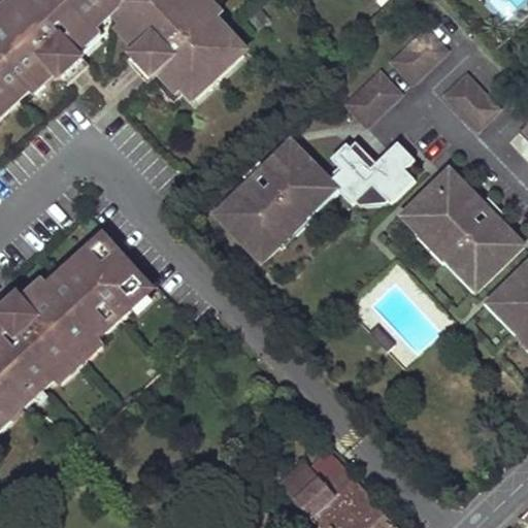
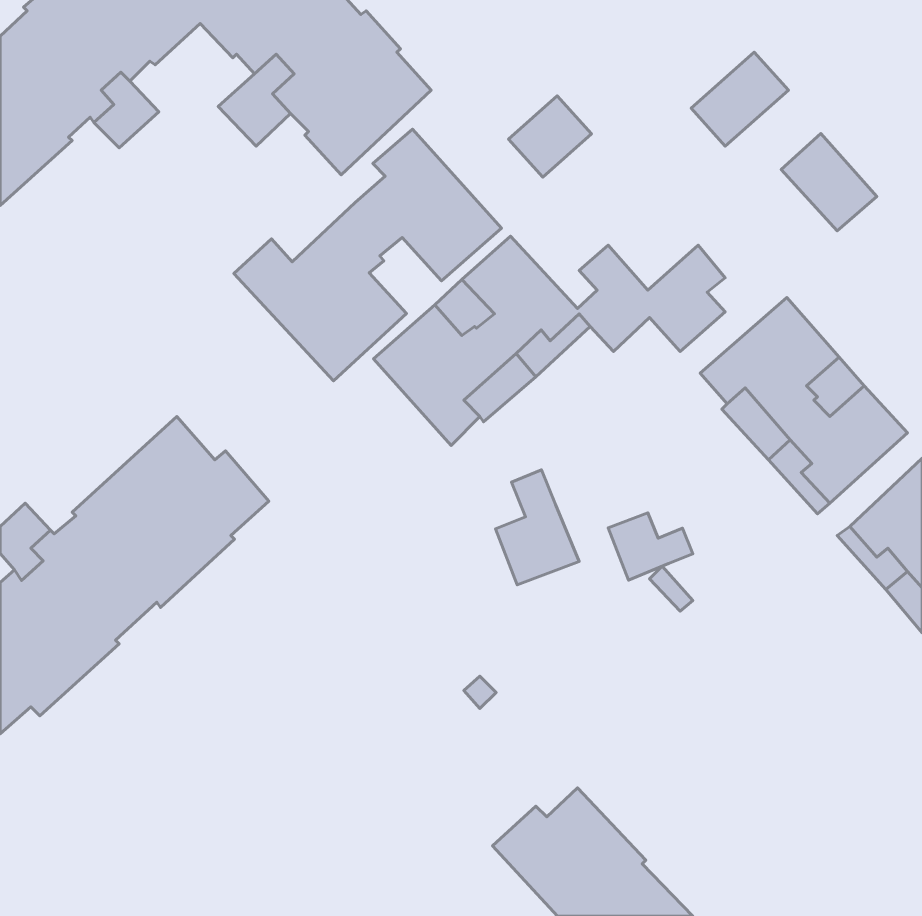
building: [356,72,403,119] -> [508,96,591,177]
building: none -> [234,129,502,381]
building: none -> [496,470,579,585]
building: none -> [608,513,693,580]

